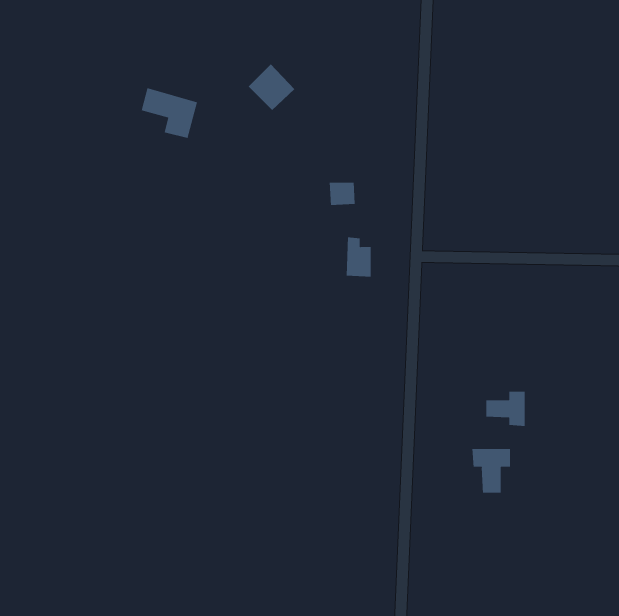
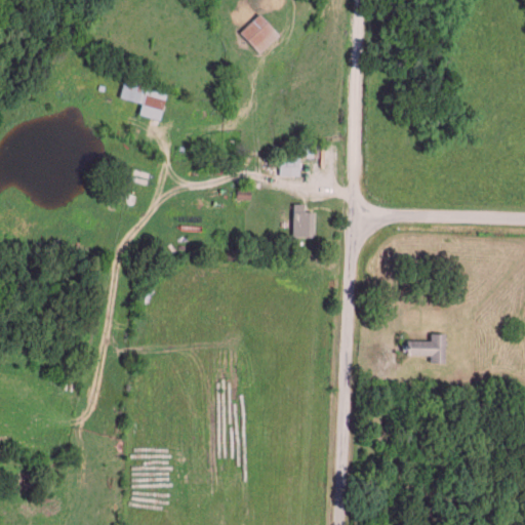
building: [248,63,295,111] -> [239,14,279,54]
building: [472,448,511,494] -> none

